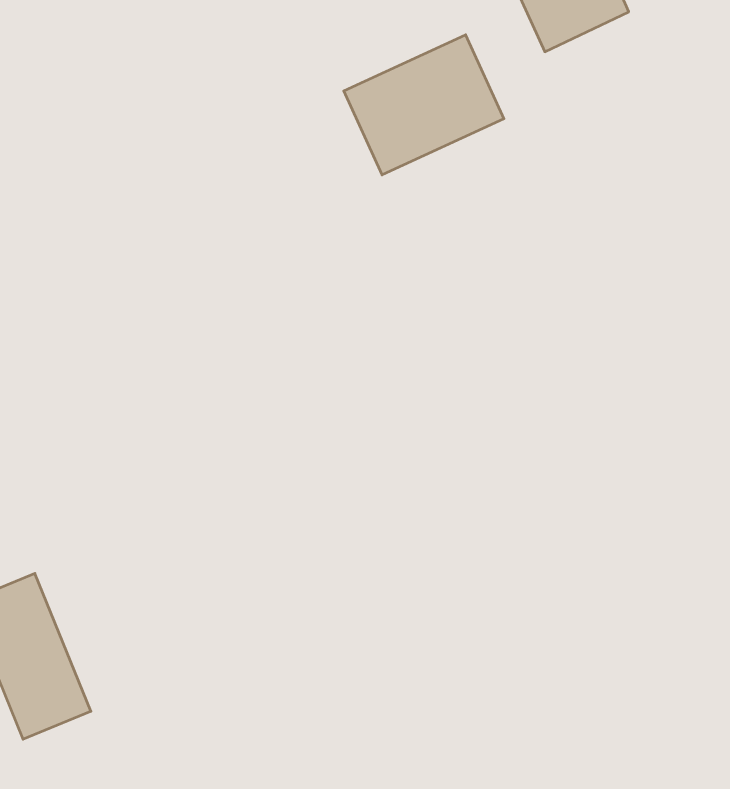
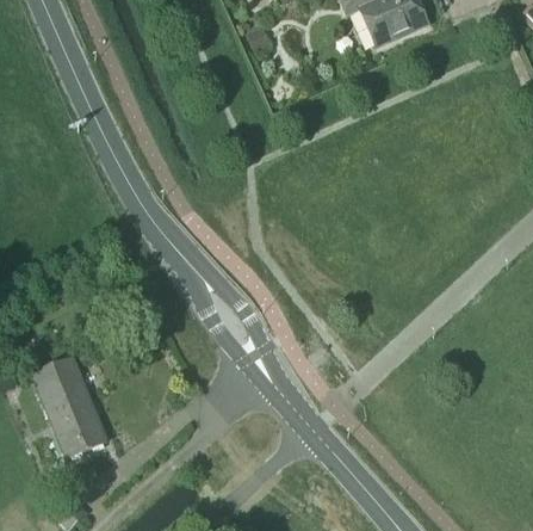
building: [344,35,504,175] -> none

